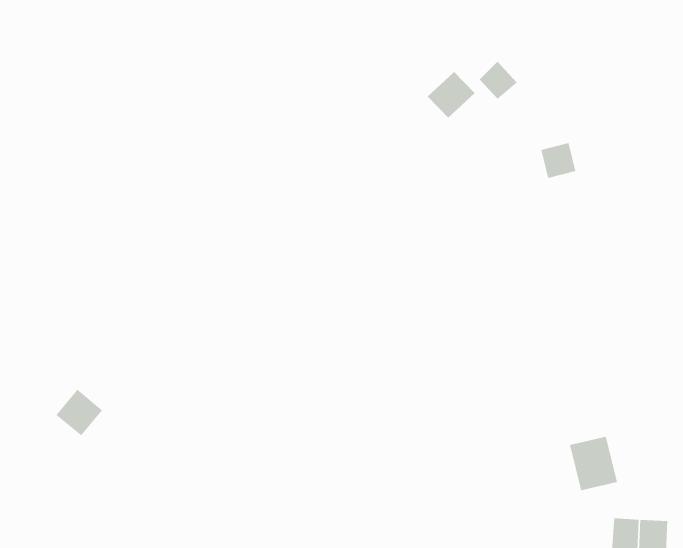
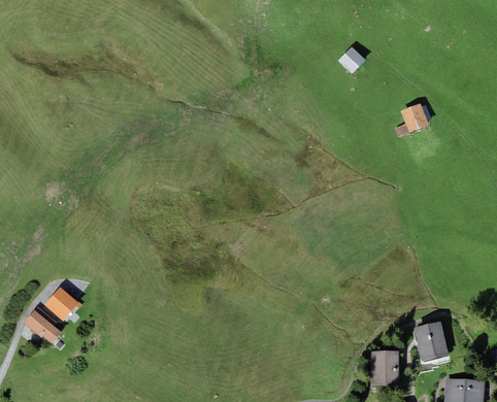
building: [427,71,475,119] -> none
building: none -> [24,306,62,343]
building: none -> [371,351,399,386]

